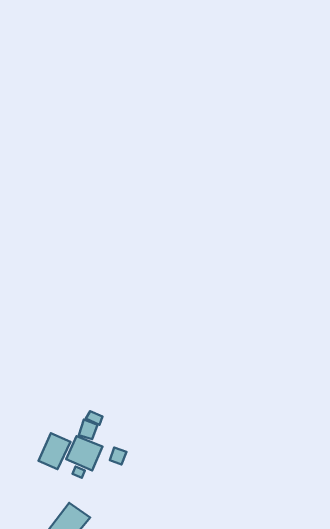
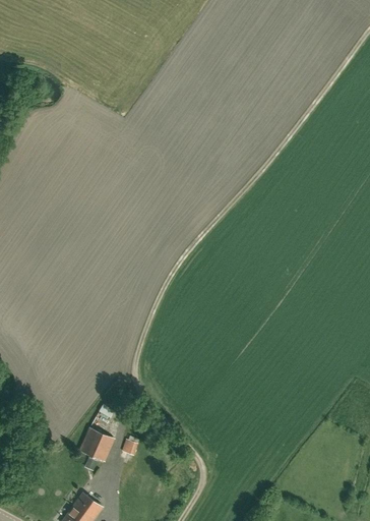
building: [38,433,70,469] -> none

